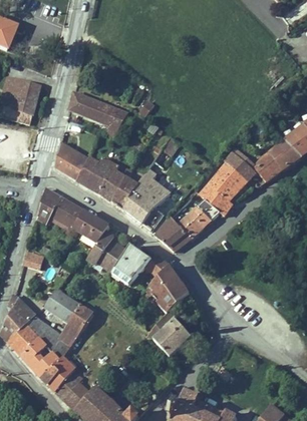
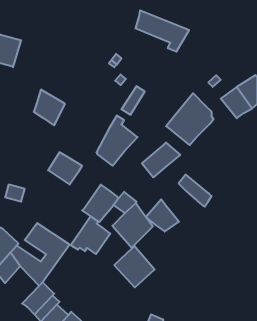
building: [68,90,128,136] -> [135,10,189,52]
building: [248,146,283,183] -> none
building: [78,154,139,209] -> none
building: [196,180,233,217] -> [179,175,212,207]
building: [36,185,84,230] -> none
building: [154,214,191,250] -> [146,199,179,232]
building: [84,230,128,272] -> [71,216,110,254]
building: [23,337,61,379] -> none

